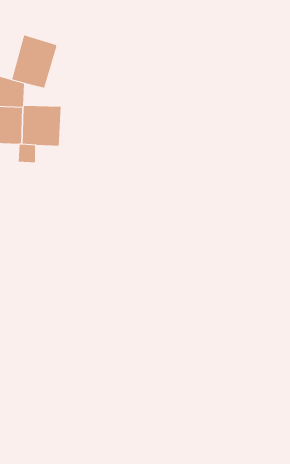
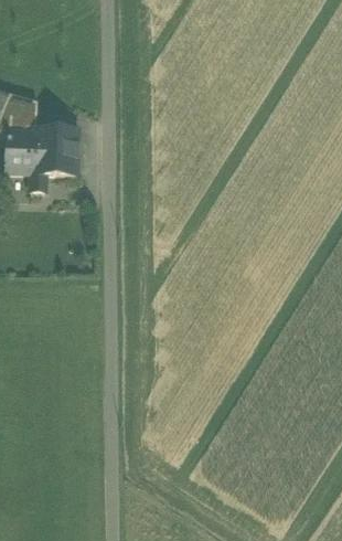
building: [12,34,57,89] -> none

